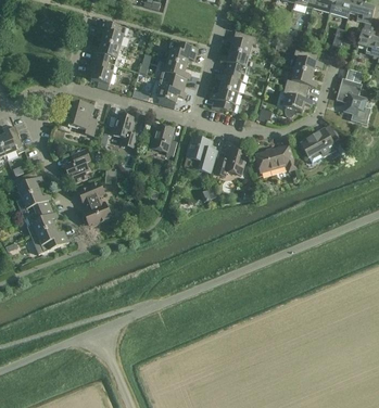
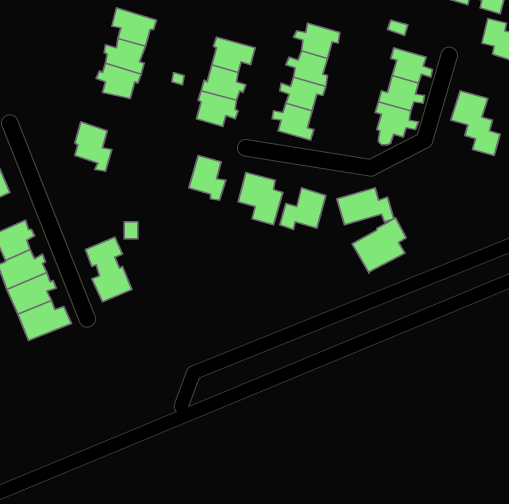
building: [113,113,138,148] -> none
building: [300,124,338,163] -> [352,218,406,273]
building: [64,149,90,182] -> none

